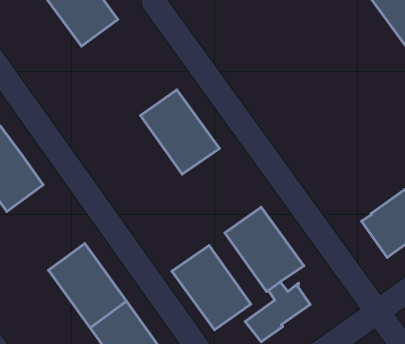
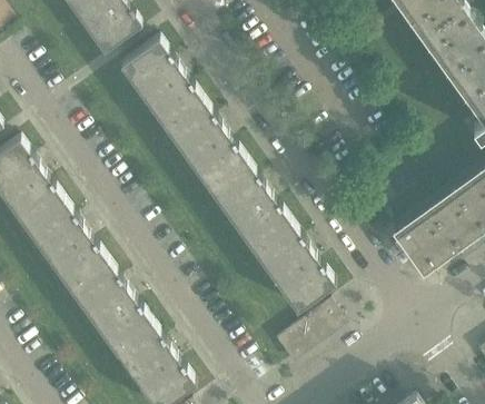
building: none -> [121,41,202,129]
building: none -> [26,201,107,290]
building: [172,245,251,330] -> [208,164,290,252]

